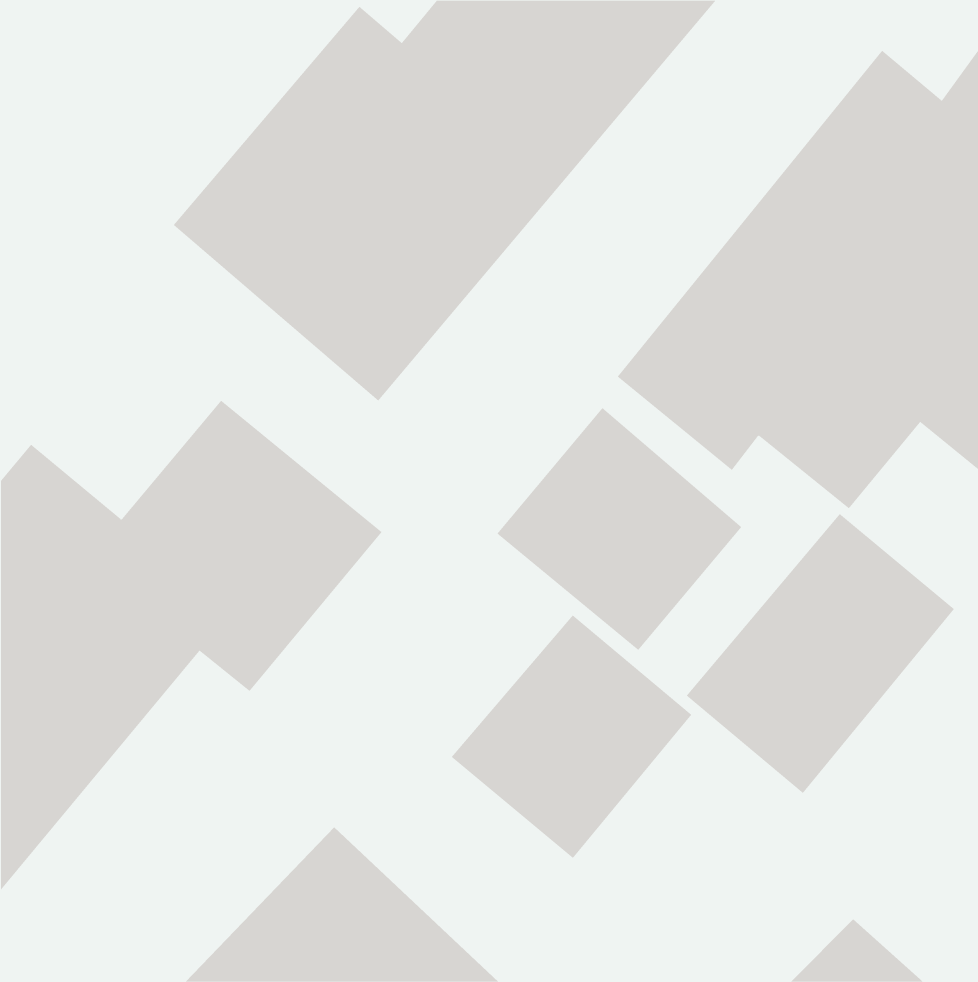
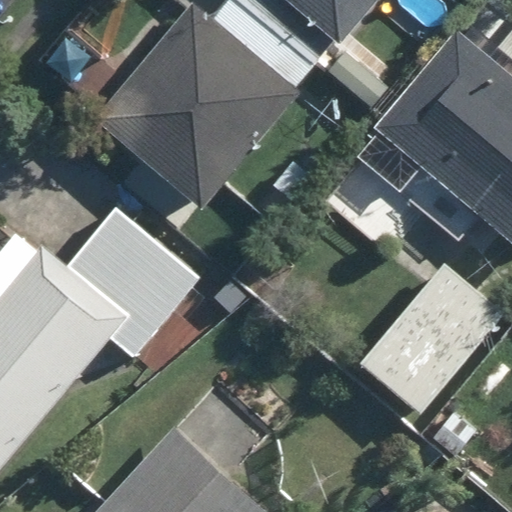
building: [497,407,742,651] -> none
building: [451,614,692,859] -> none

